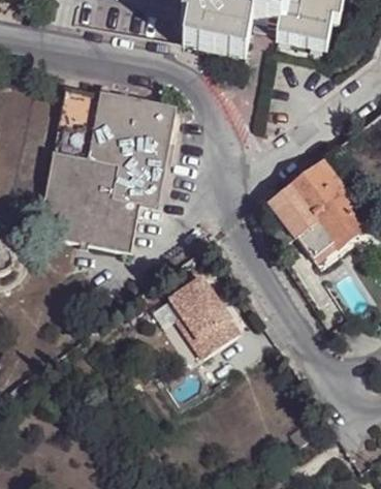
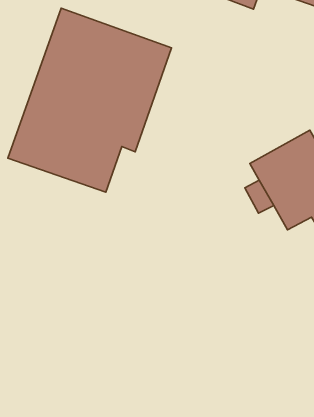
building: [169,279,239,358] -> none

